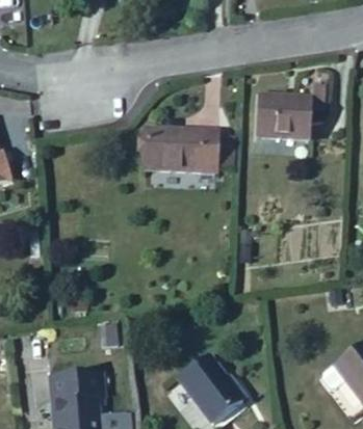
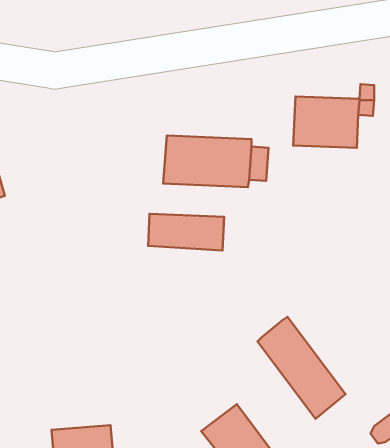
building: none -> [148,214,224,250]
building: none -> [258,317,346,419]

